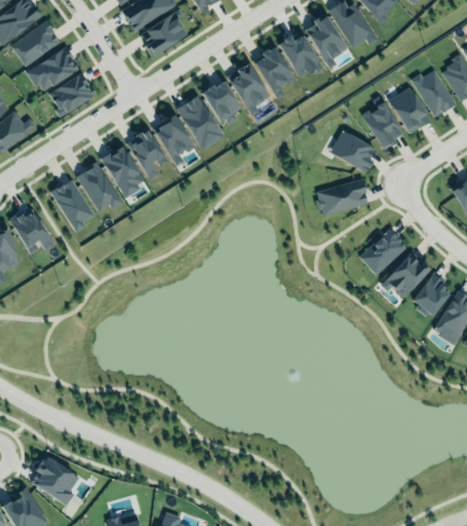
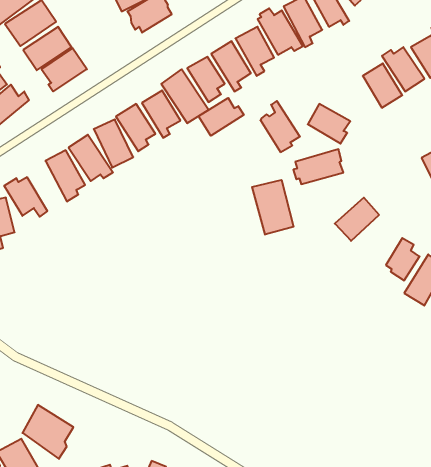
building: [363,96,405,150] -> [260,101,300,152]
building: none -> [198,98,244,136]
building: none -> [252,180,294,235]
building: [382,254,431,297] -> none

